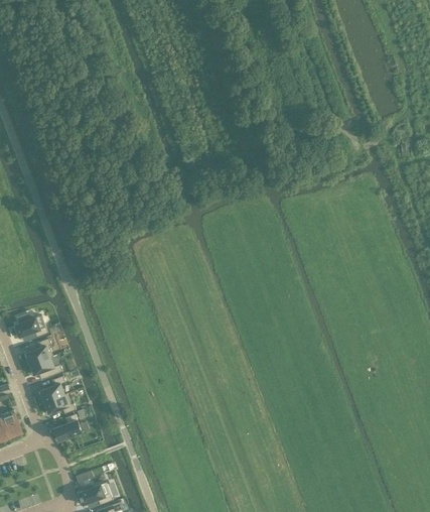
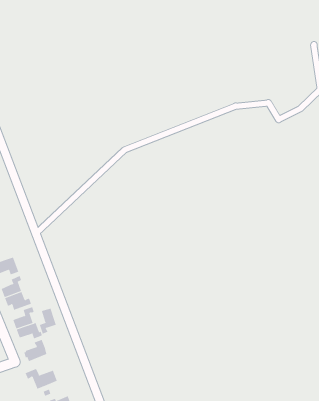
building: none -> [39,308,57,334]
building: none -> [25,368,58,389]

